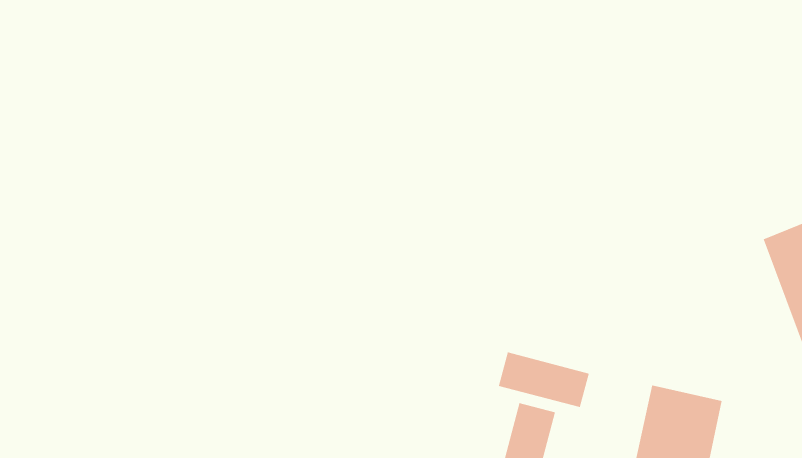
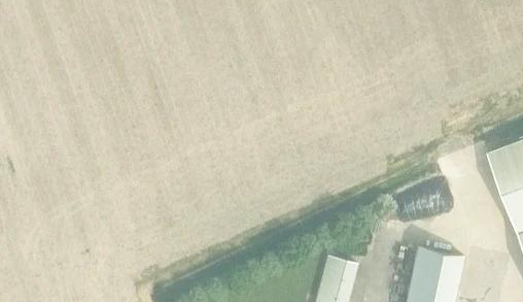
building: [498,352,589,408] -> none

